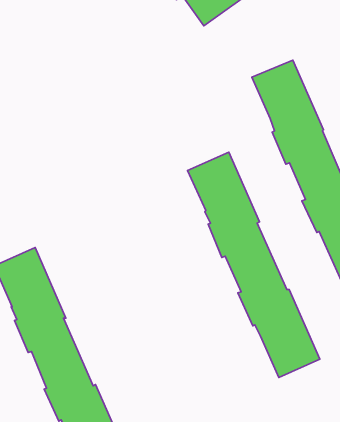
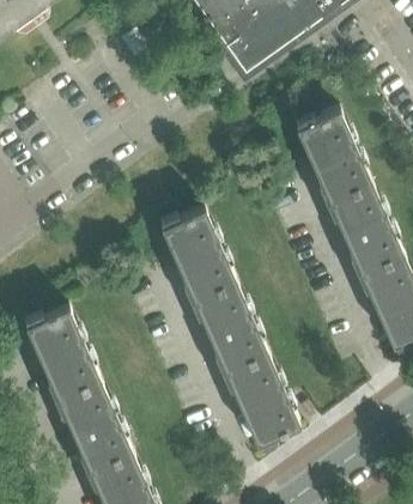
building: [188,152,320,377] -> [160,204,299,439]

